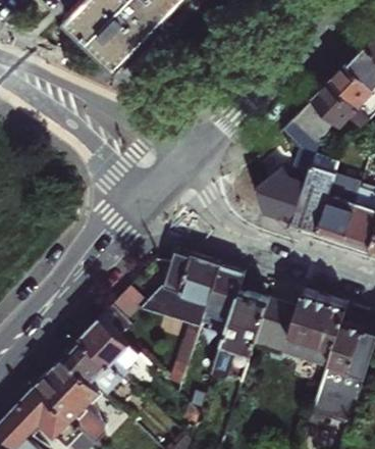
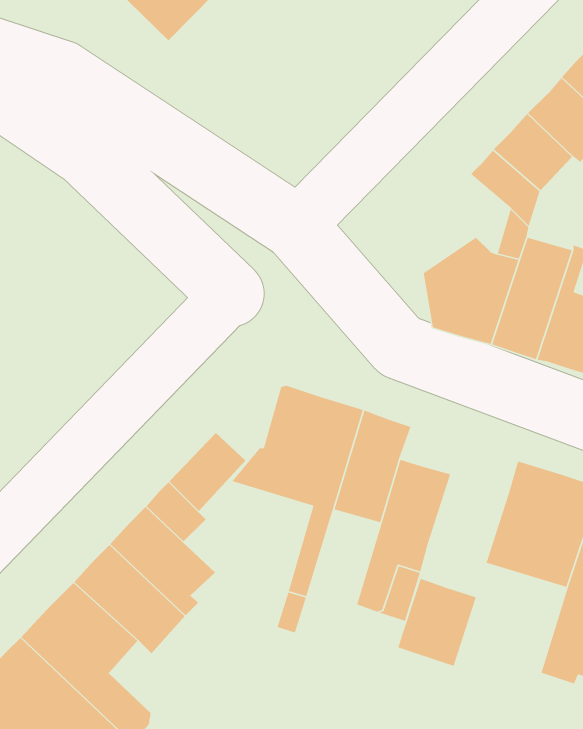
building: [255,298,298,346] -> [397,578,477,667]

